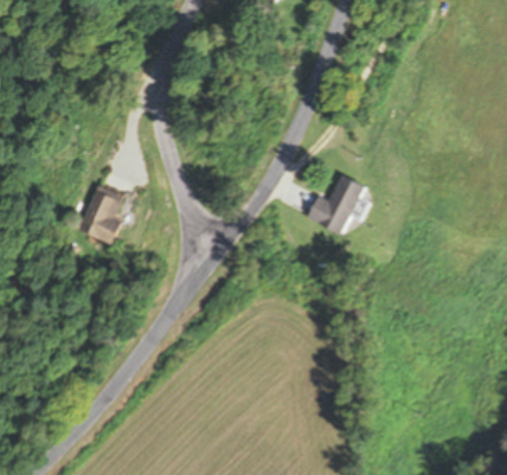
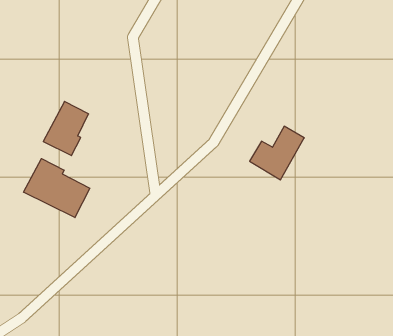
building: none -> [24,159,90,218]

